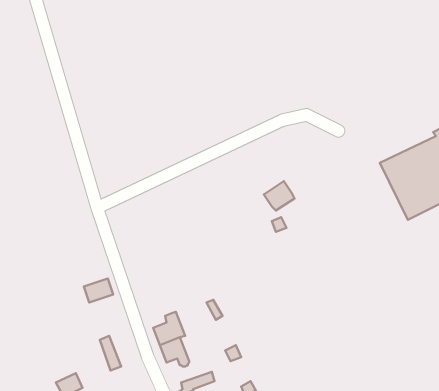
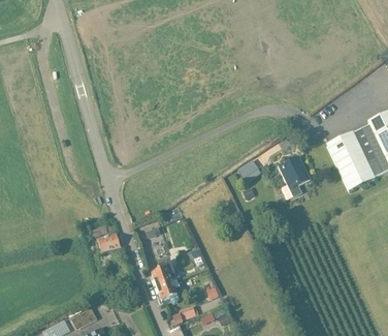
building: none -> [279,154,310,197]

